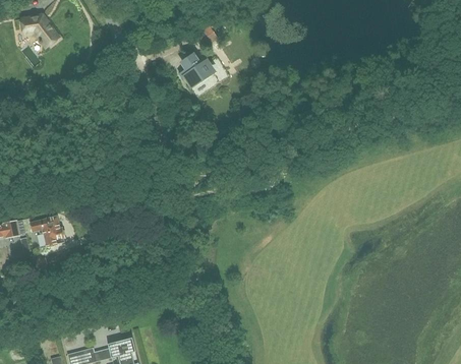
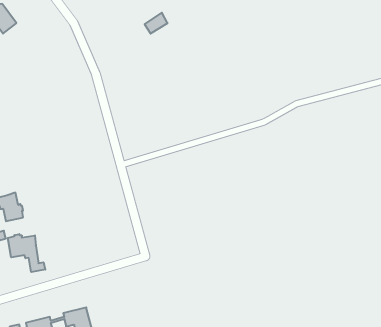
building: [178,55,212,83] -> none
building: none -> [8,234,45,272]

